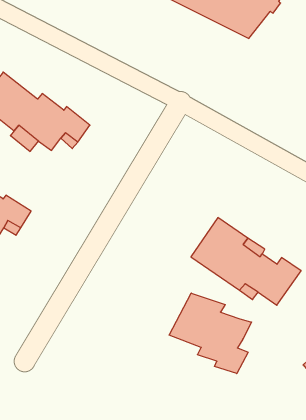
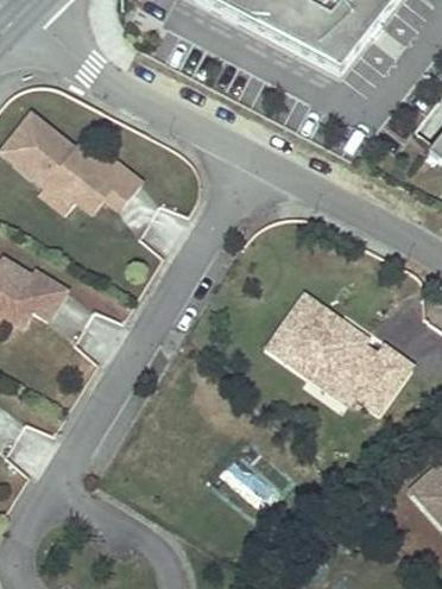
building: [169,293,252,374] -> none

